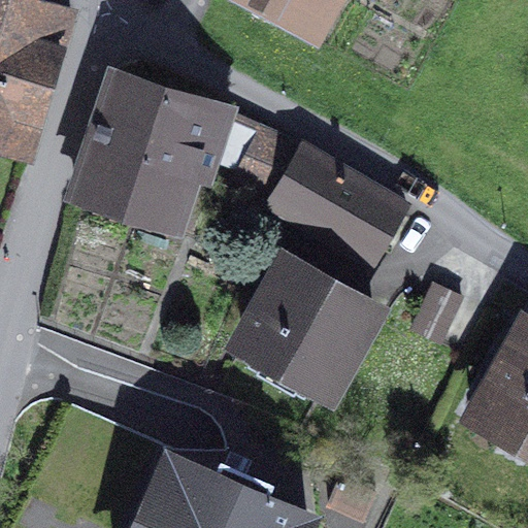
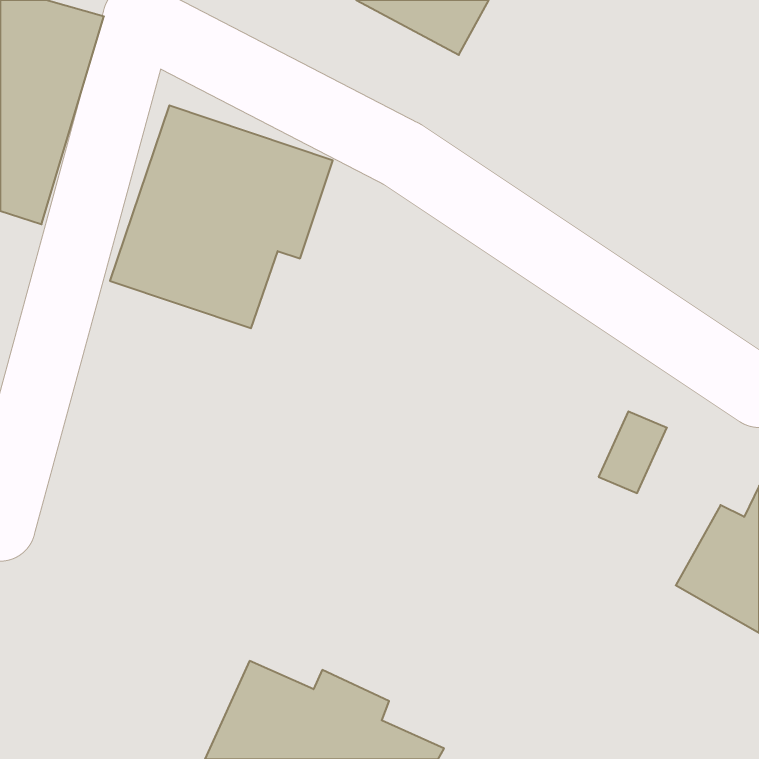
building: [272,143,405,257] -> none
building: [244,263,374,393] -> none

